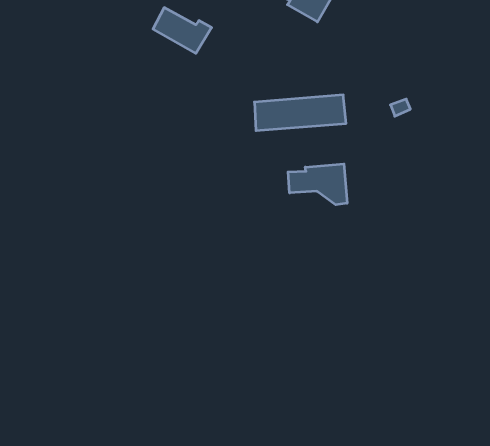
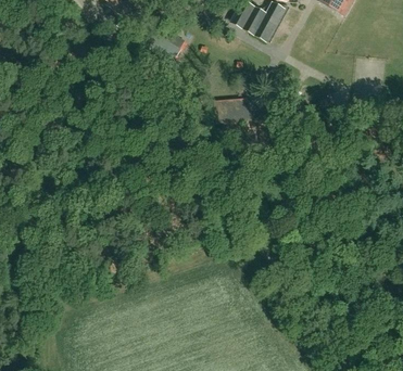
building: [288,164,347,205] -> none

